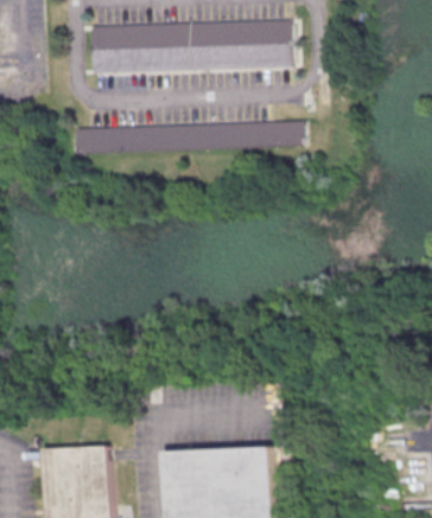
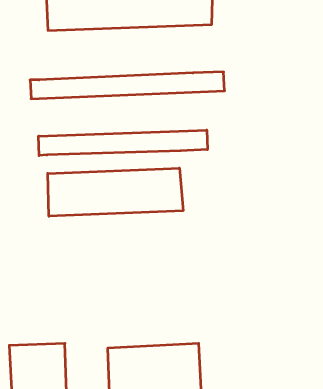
building: none -> [39,130,207,156]
building: none -> [48,168,183,216]

